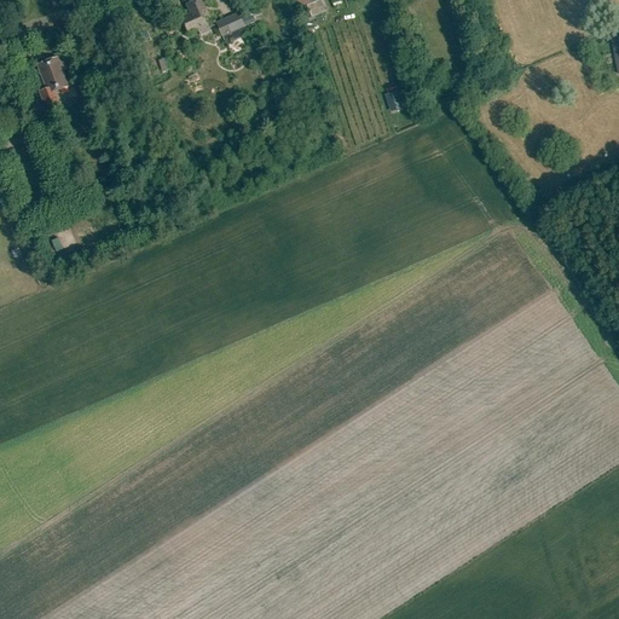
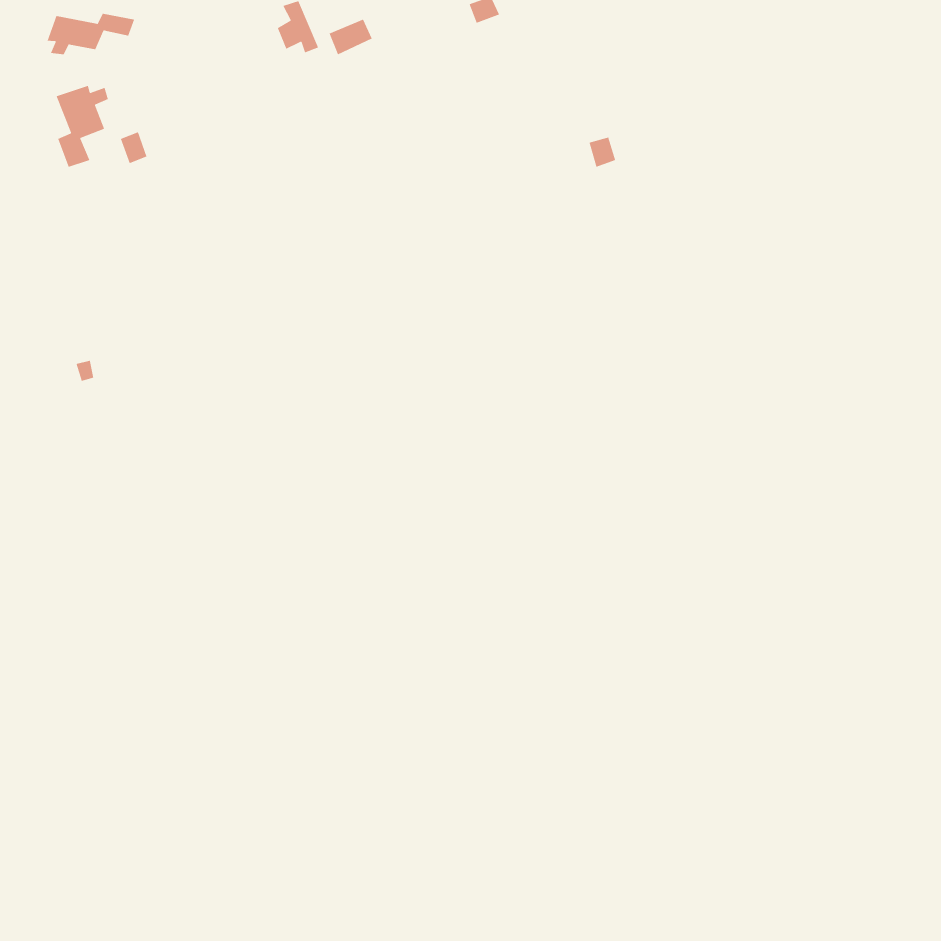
building: none -> [47,13,135,55]

